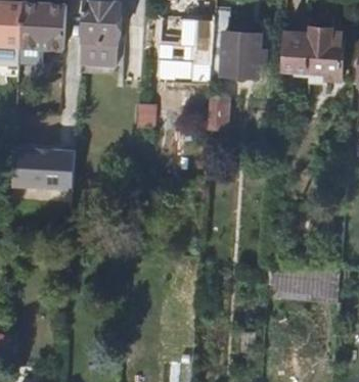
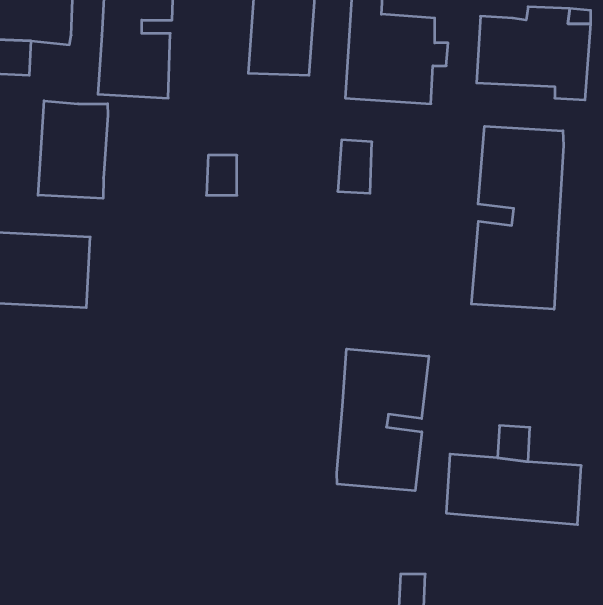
building: none -> [38,101,108,198]
building: none -> [471,126,564,309]
building: none -> [337,349,429,491]

